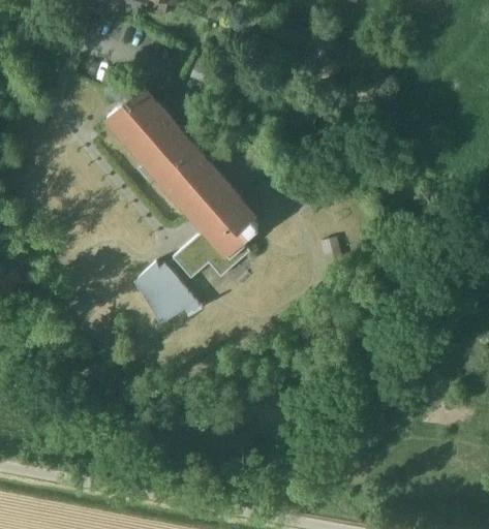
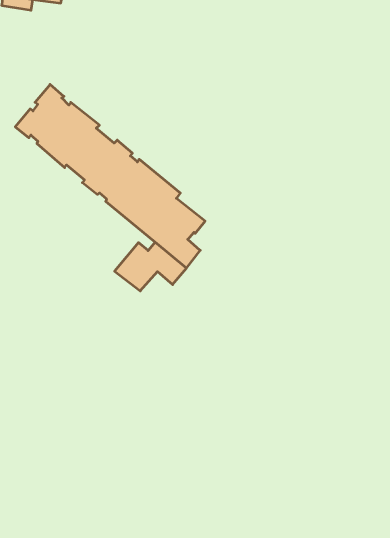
building: [136,261,201,321] -> none

